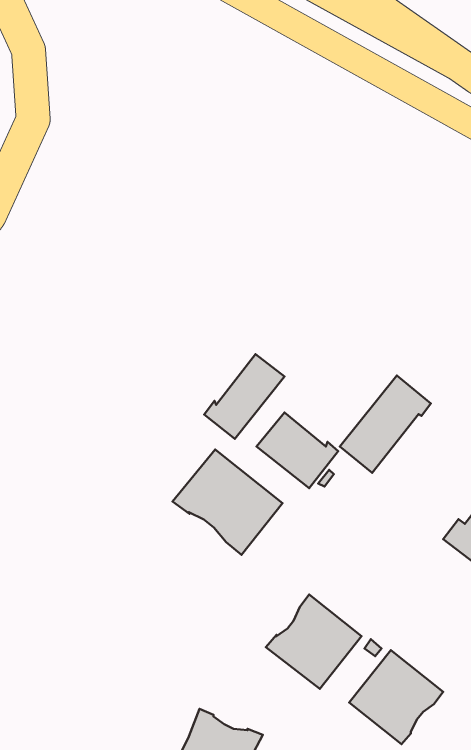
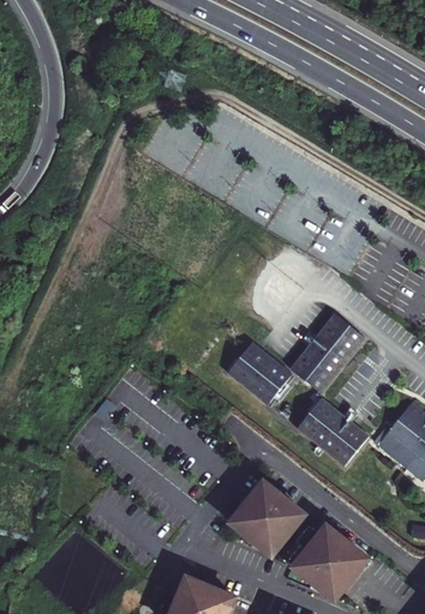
building: [204,354,284,439] -> none
building: [172,450,283,555] -> none
building: none -> [298,399,366,463]

